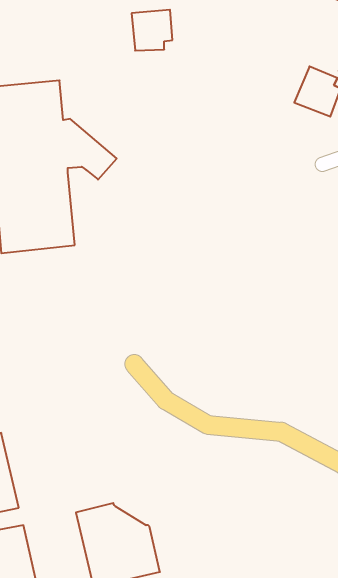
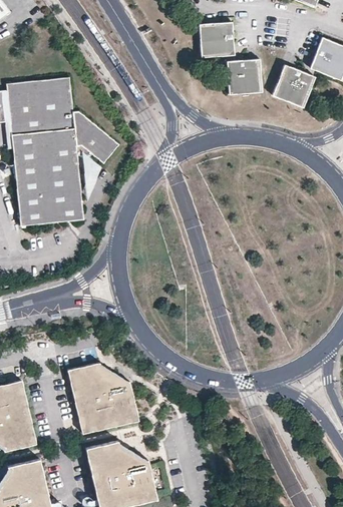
building: [132,10,172,51] -> [199,23,234,58]
building: none -> [228,61,262,95]
building: none -> [67,362,139,434]

